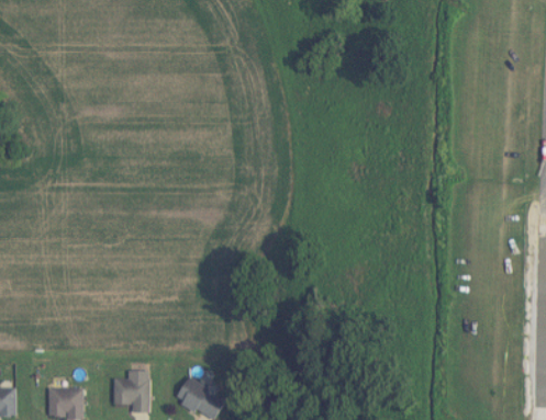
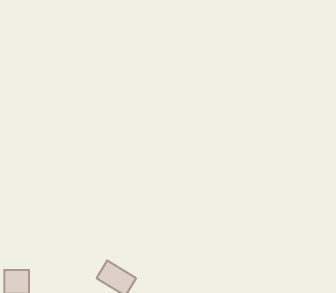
building: [112,378,148,411] -> none

